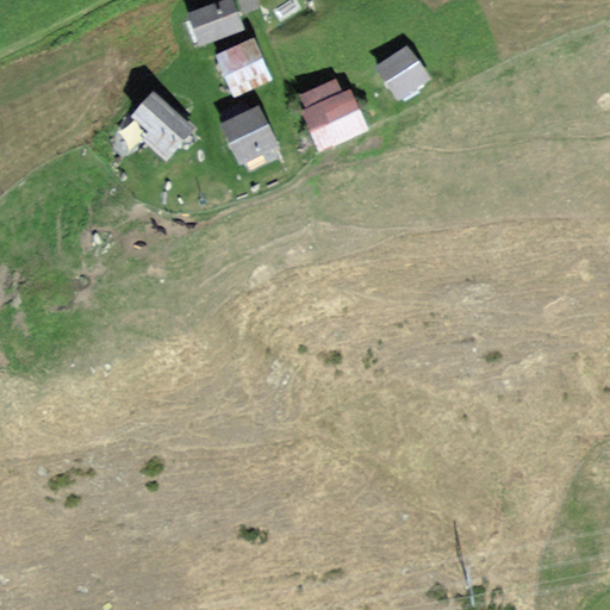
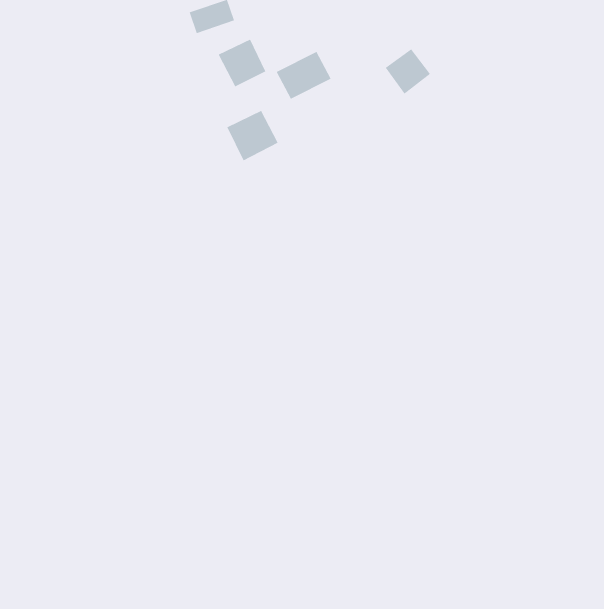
building: [306,91,361,138] -> [276,51,332,100]
building: [133,94,188,147] -> none

